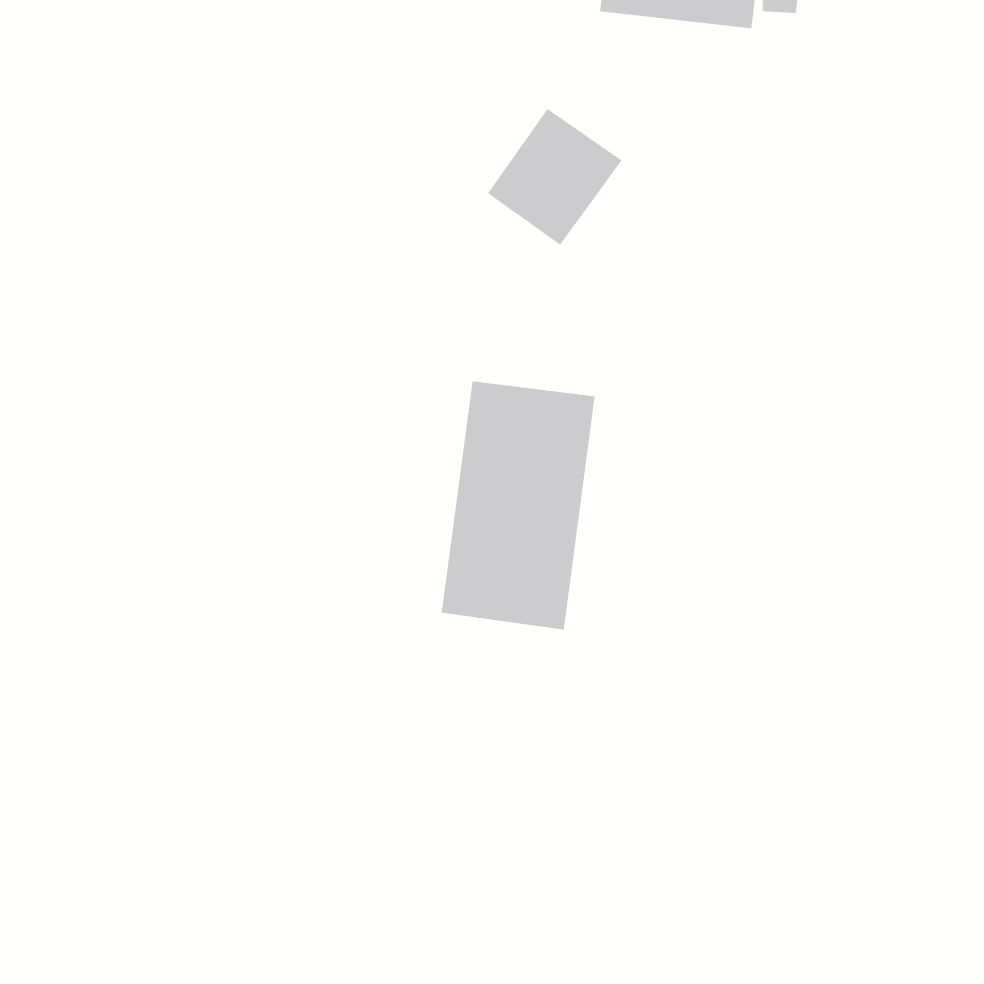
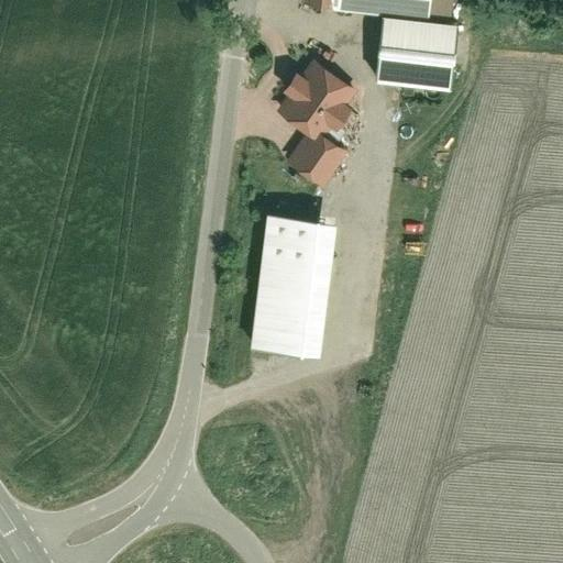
building: none -> [375,18,455,89]
building: none -> [286,134,338,185]

